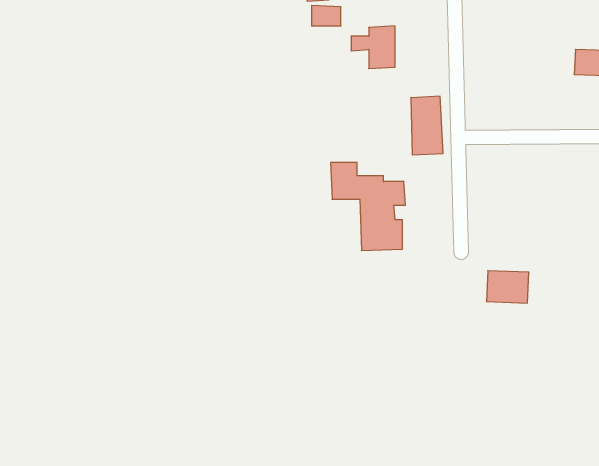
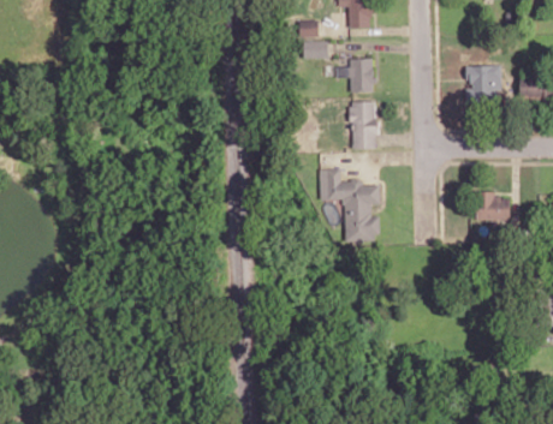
building: none -> [472,66,503,96]
building: [411,96,443,155] -> [351,102,377,150]
building: [486,271,529,303] -> [476,195,511,221]

